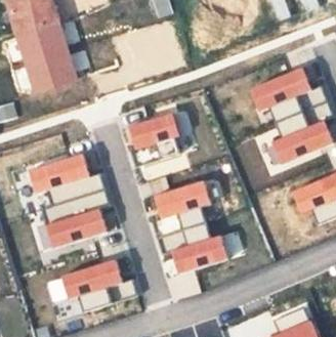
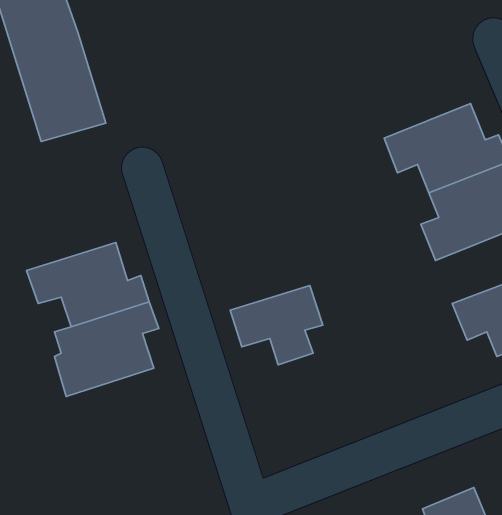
building: [126,111,178,158] -> none
building: [170,221,226,273] -> none
building: [60,259,137,311] -> none

